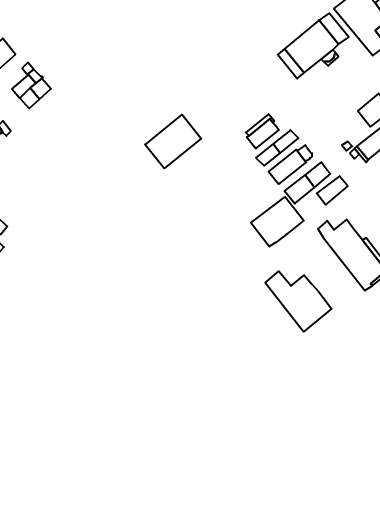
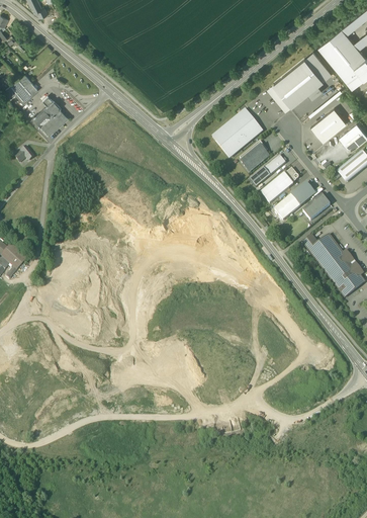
building: none -> [310,107,346,142]
building: [145,115,201,168] -> [212,109,262,157]
building: [251,197,304,247] -> none
building: [265,271,332,332] -> none

